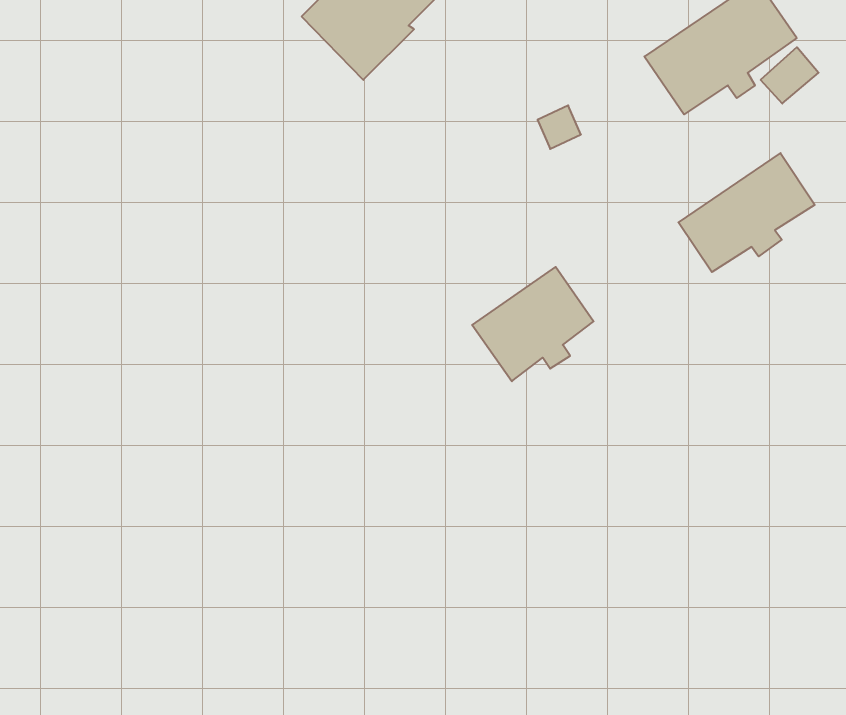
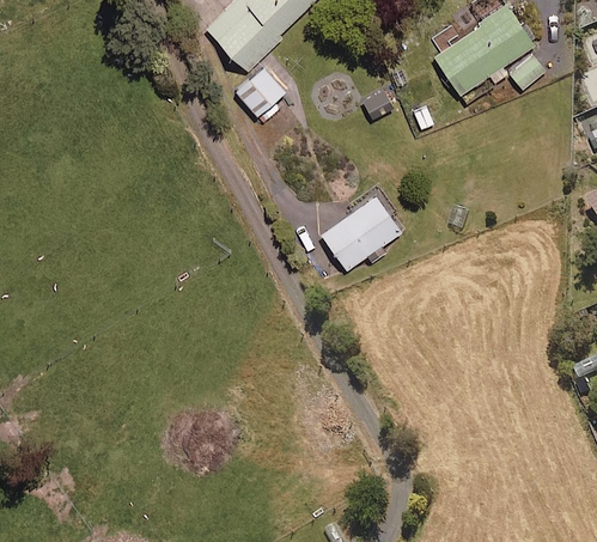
building: none -> [236,67,285,123]
building: [678,153,815,272] -> none

